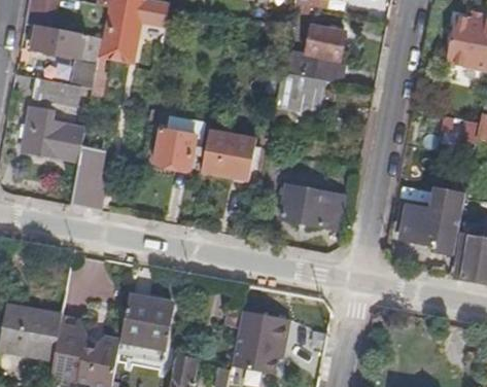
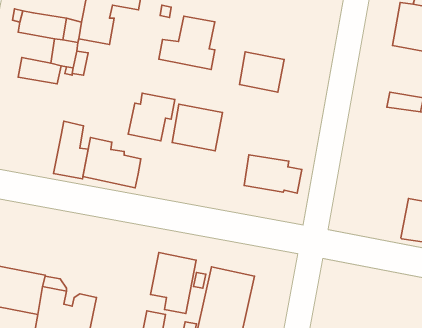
building: [283,23,345,81] -> [159,16,215,69]
building: [23,107,86,163] -> [83,137,141,188]
building: [402,187,466,254] -> none
building: [119,295,170,362] -> [151,253,196,313]

